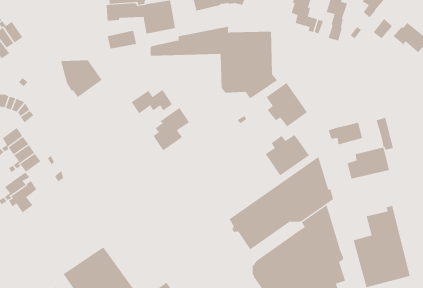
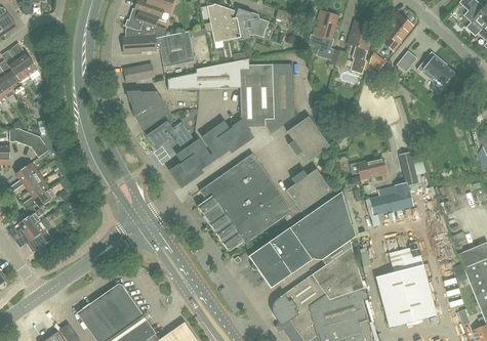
building: [61,60,103,98] -> [127,91,170,130]
building: none -> [203,121,251,153]
building: none -> [197,154,291,251]

